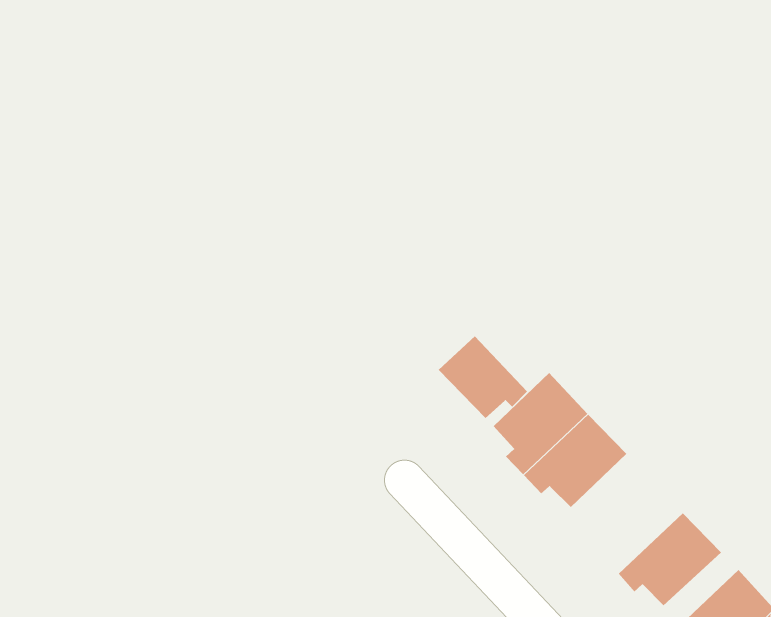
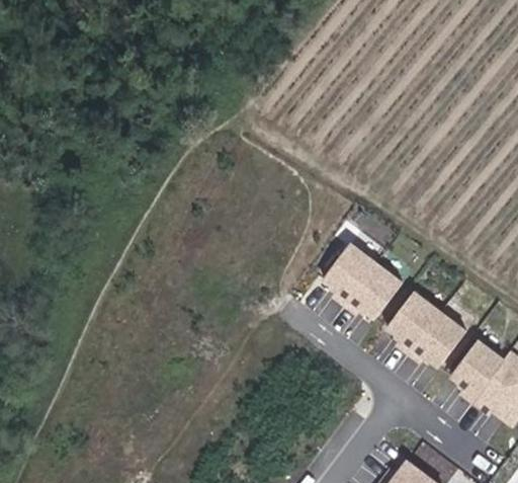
building: [438,336,528,419] -> none
building: none -> [386,291,441,352]

